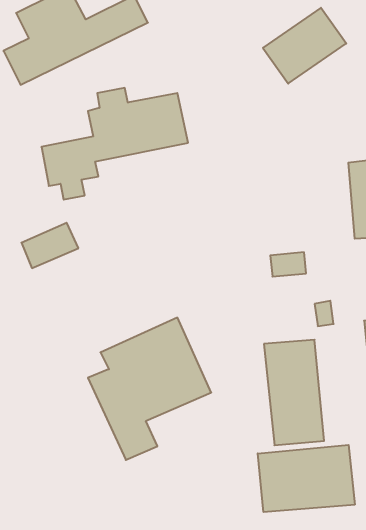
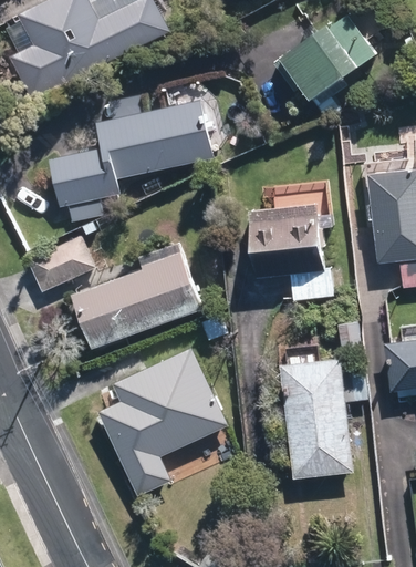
building: none -> [251,210,319,274]
building: none -> [75,260,191,346]
building: [258,445,355,512] -> none

